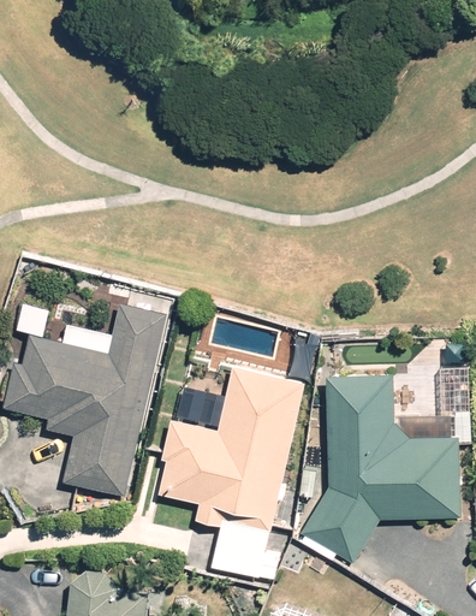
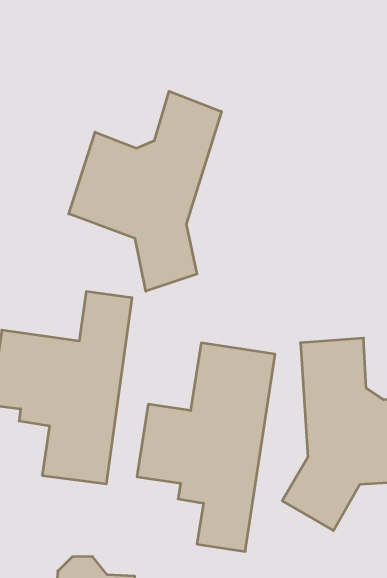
building: none -> [69,91,221,291]

